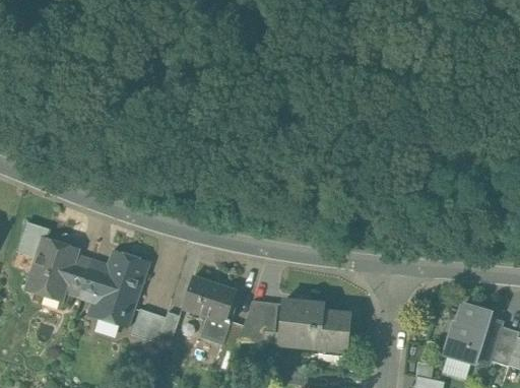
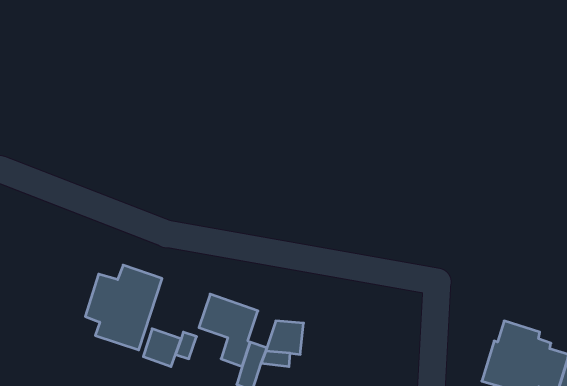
building: [17,221,90,301] -> none
building: [278,300,351,350] -> none

